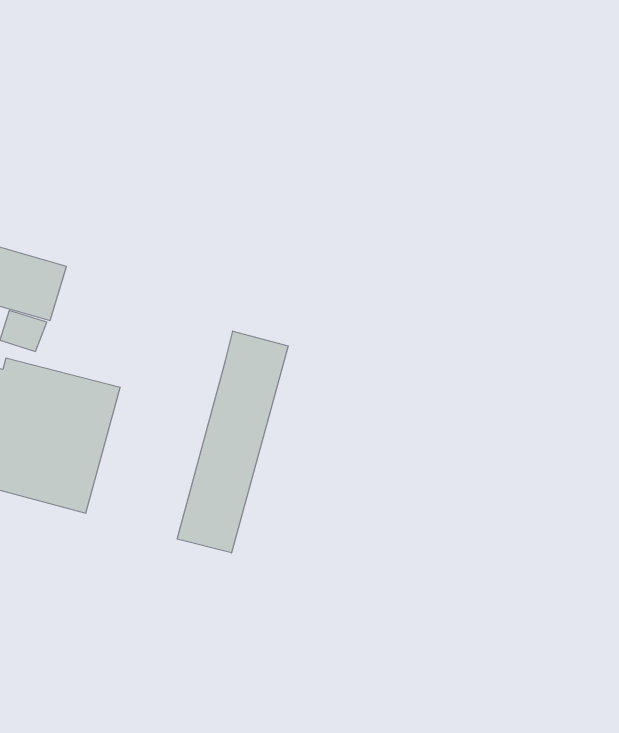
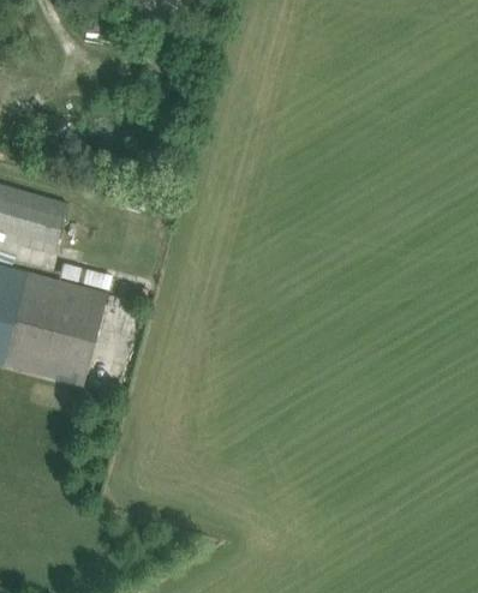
building: [177,331,288,553] -> none

